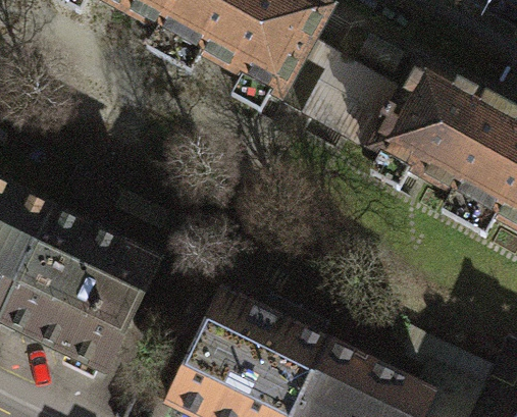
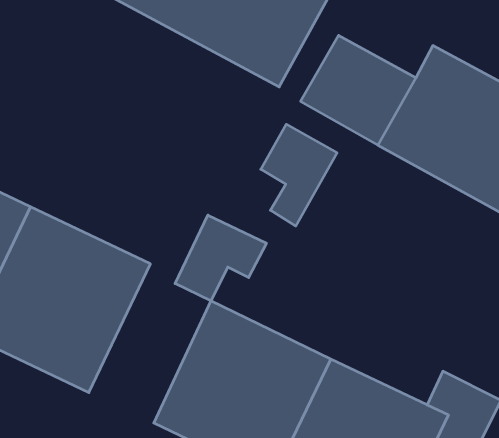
building: none -> [261,124,337,226]
building: none -> [175,215,266,301]

